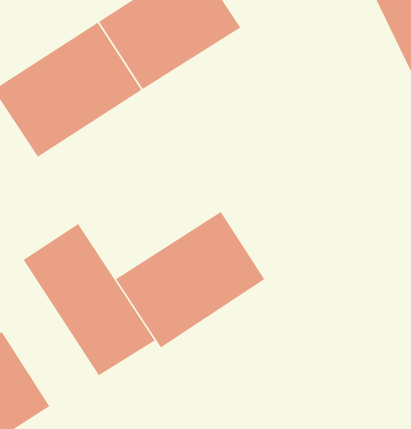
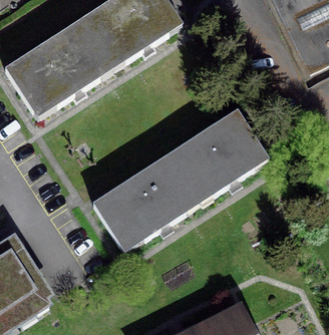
building: none -> [169,109,269,202]
building: [23,223,156,376] -> none

